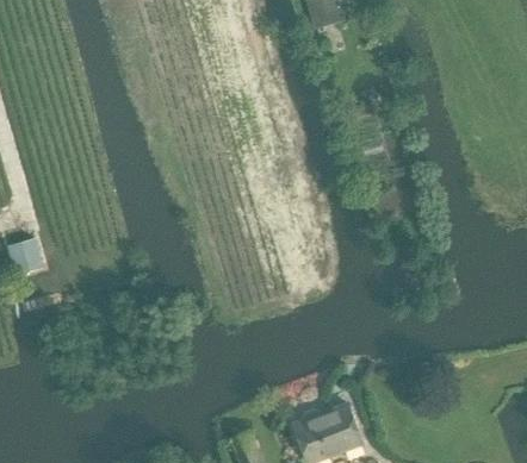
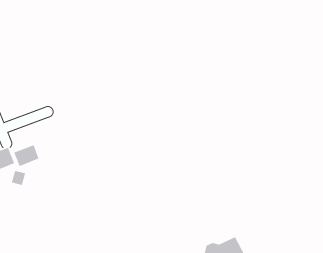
building: none -> [13,144,39,167]

